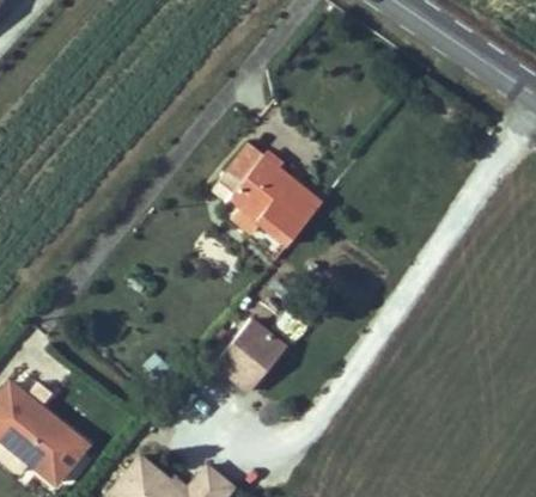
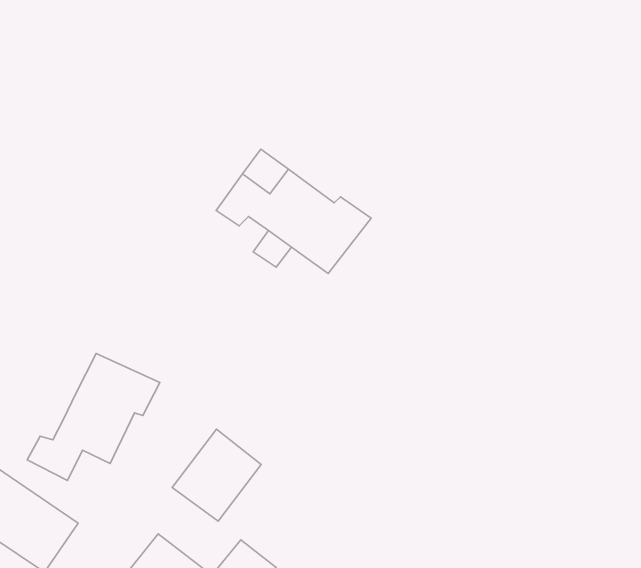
building: none -> [27,354,160,480]
building: [223,312,292,384] -> [172,429,261,521]

